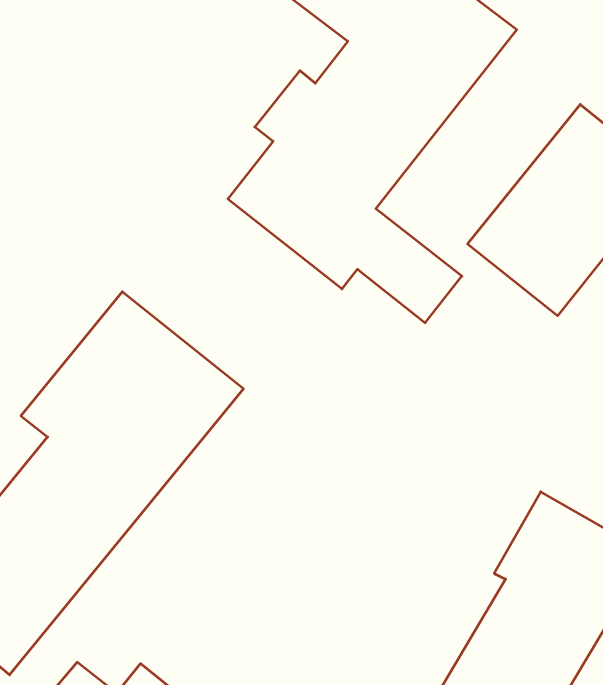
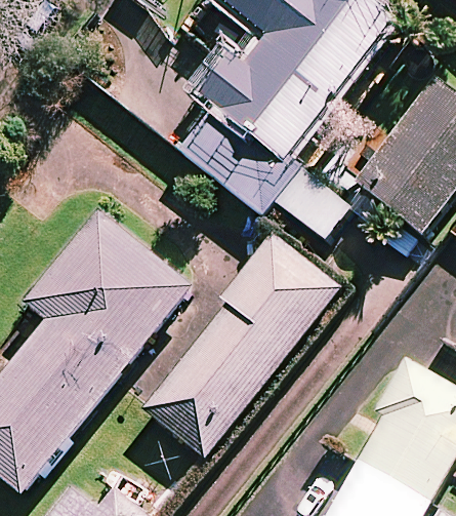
building: none -> [143,234,336,454]

